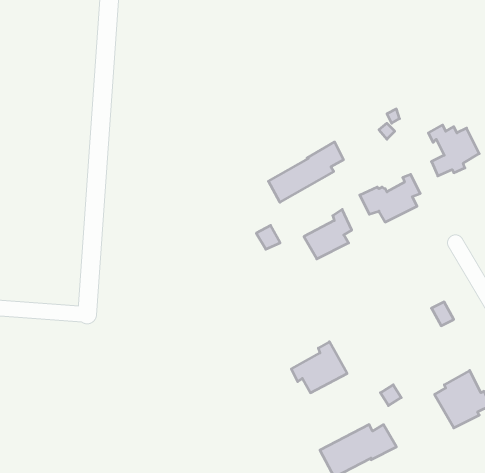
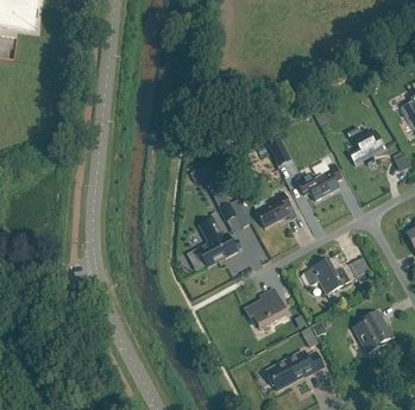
building: [268,142,343,202] -> none
building: none -> [196,216,240,266]
building: none -> [302,257,351,294]

